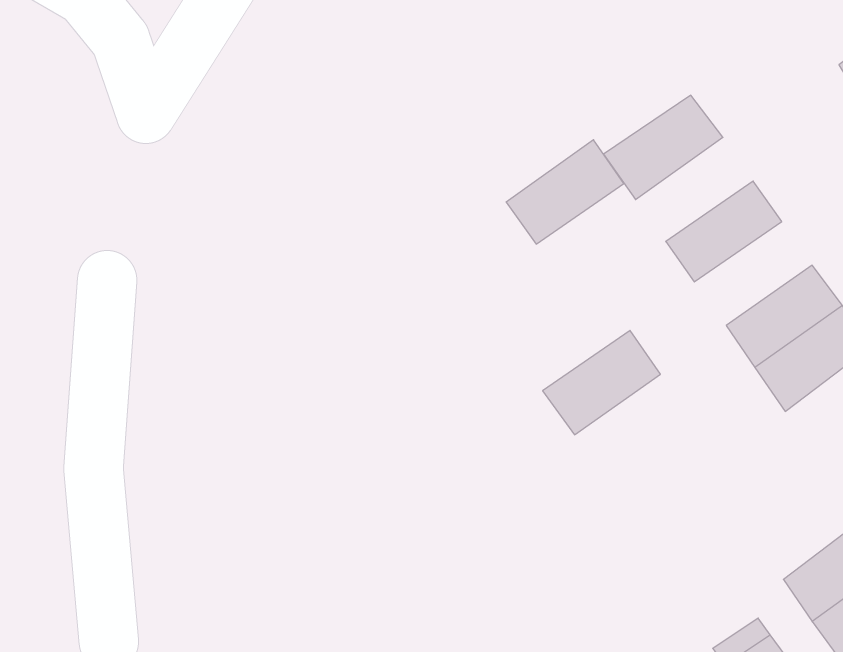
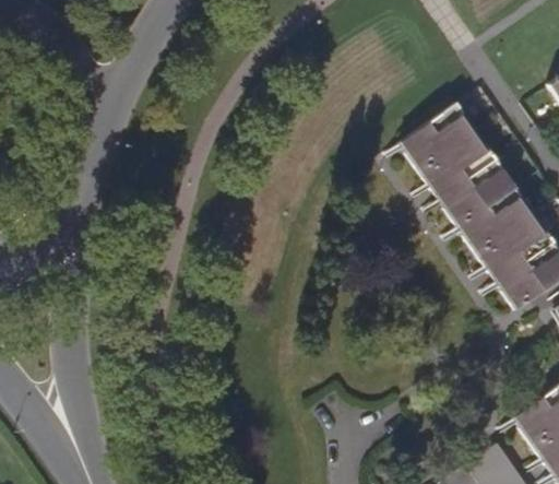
building: [506,140,624,244] -> [419,131,496,199]
building: [543,330,660,435] -> [457,186,534,253]

